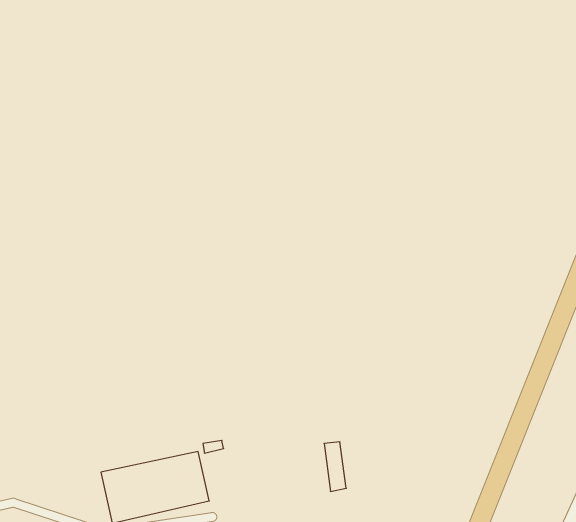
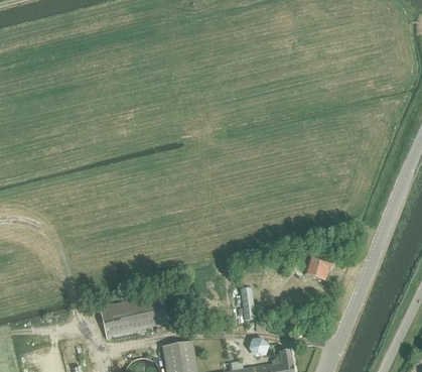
building: none -> [300,251,331,279]

